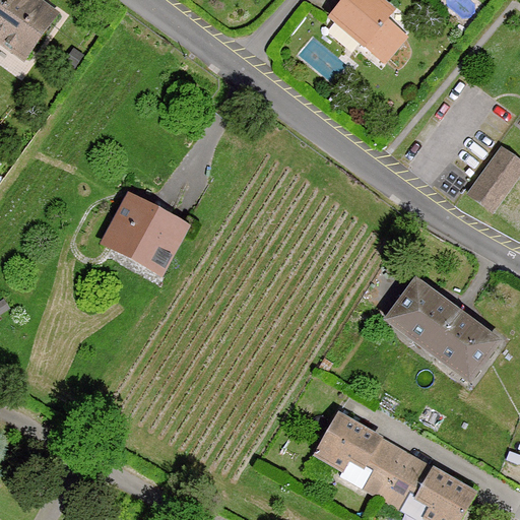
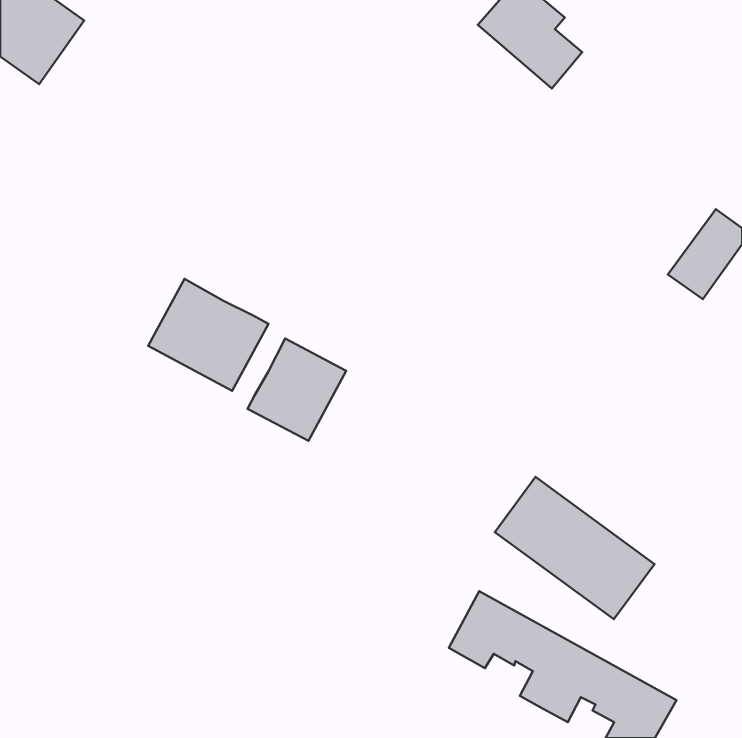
building: none -> [248,339,346,441]
building: [388,282,500,382] -> [495,477,654,619]

